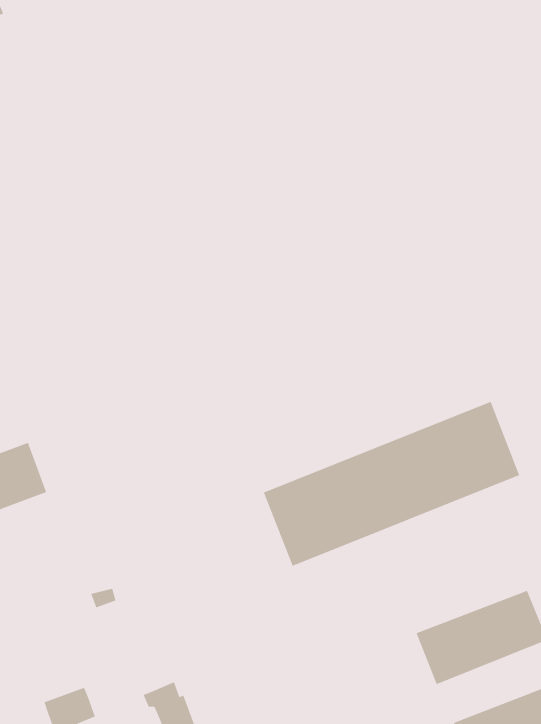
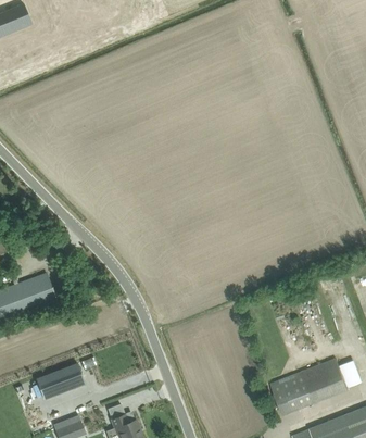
building: [263,401,520,567] -> none
building: none -> [35,362,84,398]

